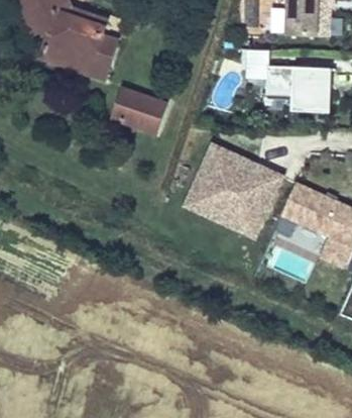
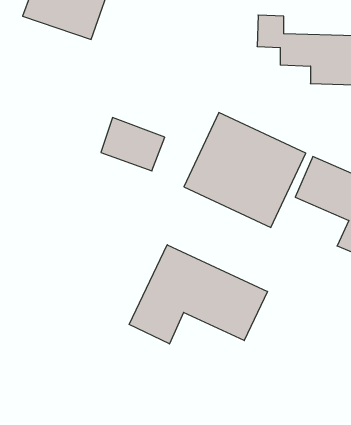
building: [111,85,166,131] -> [101,118,165,171]
building: none -> [129,245,267,344]

